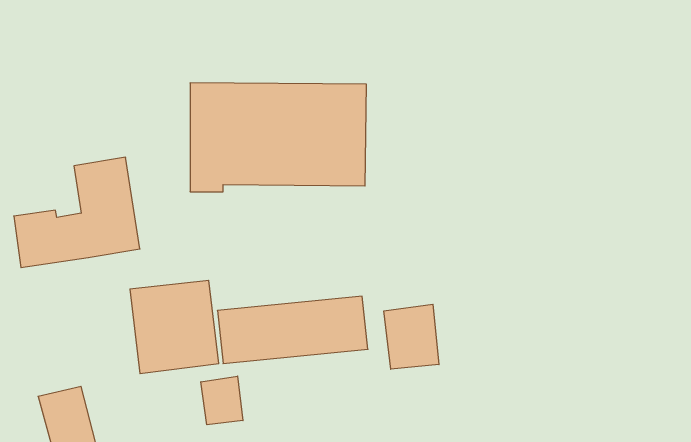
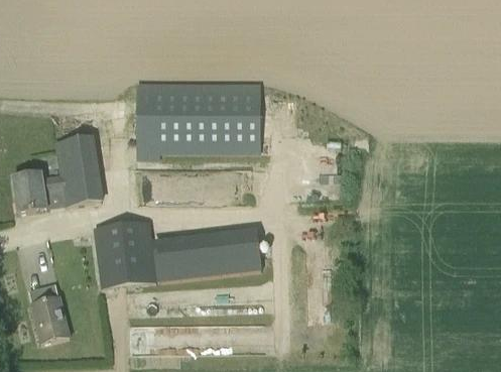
building: [384,304,439,369] -> none
building: [201,376,243,425] -> none

